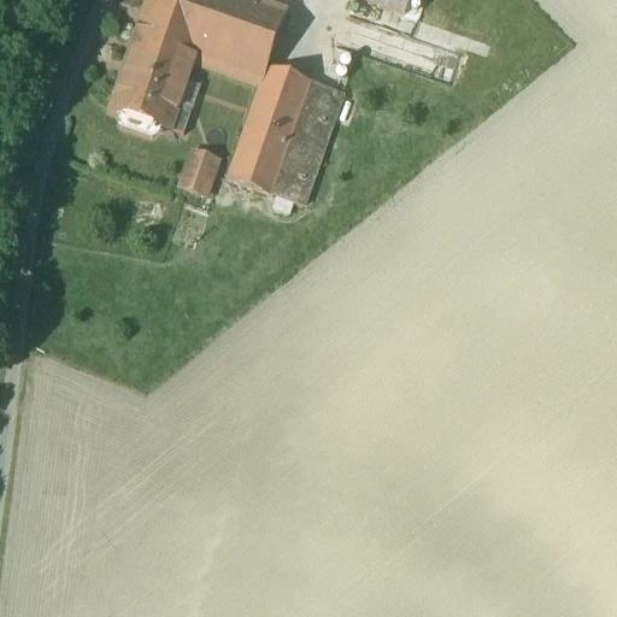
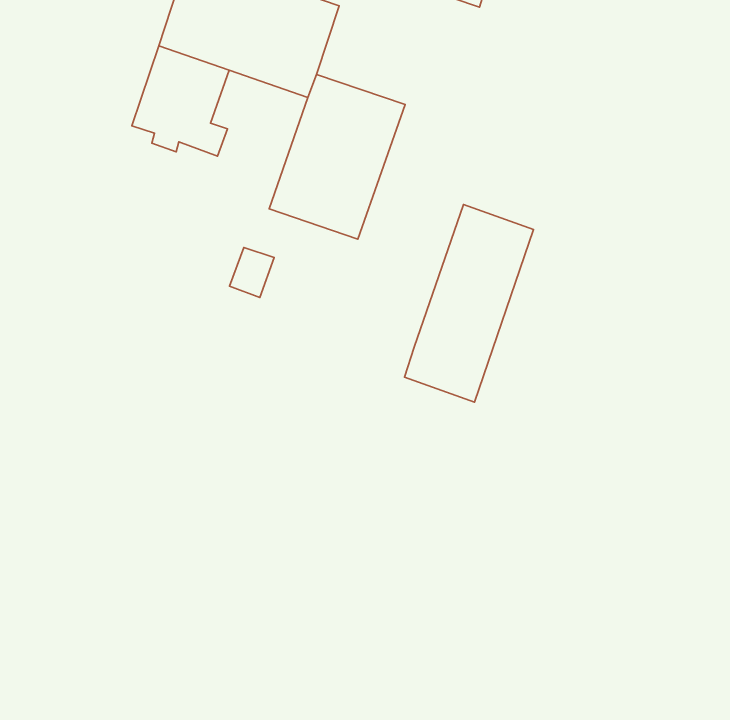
building: [181,149,218,192] -> [230,248,274,298]
building: none -> [404,204,534,402]

